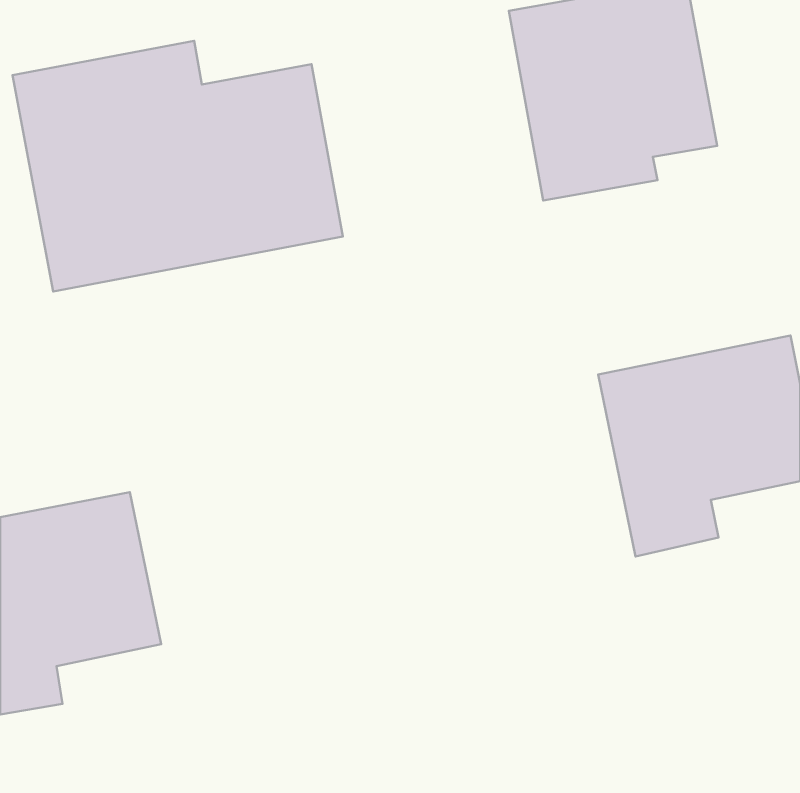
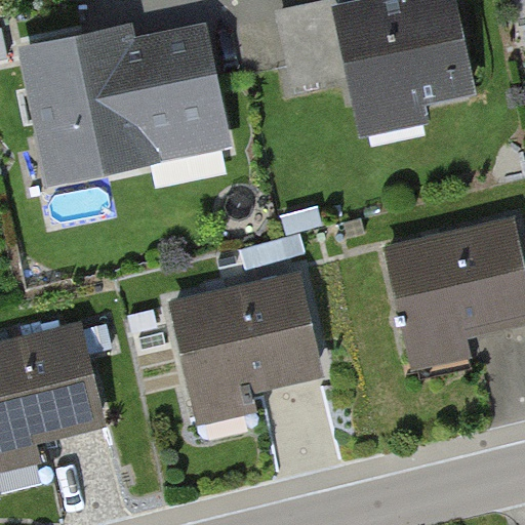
building: none -> [173,271,323,419]

